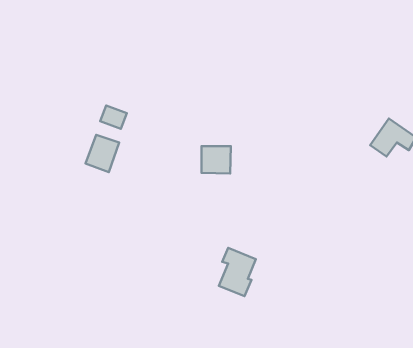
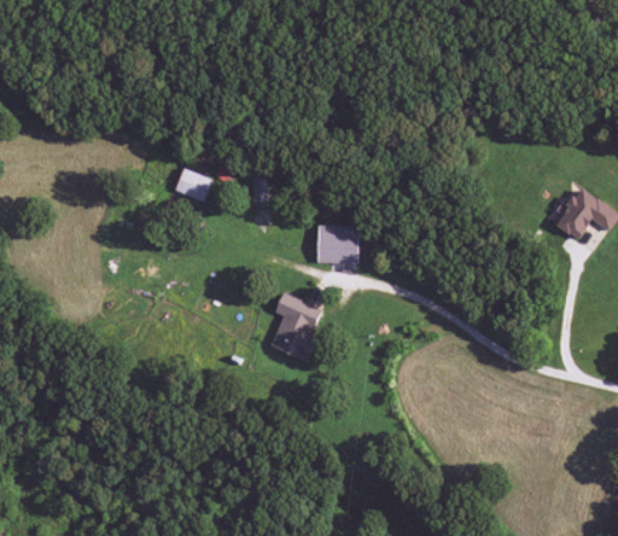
building: [85,135,119,172] -> none
building: [219,248,256,296] -> [269,293,321,361]

